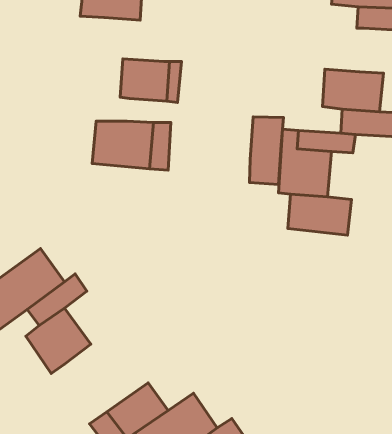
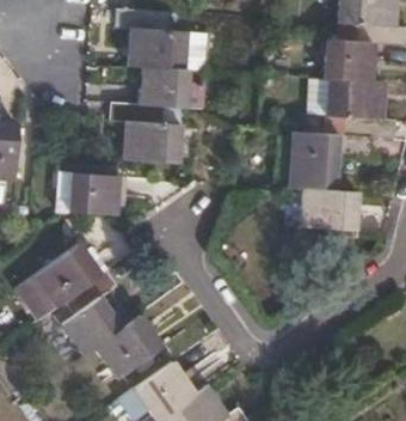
building: none -> [130,30,189,69]
building: none -> [320,37,367,79]
building: none -> [105,98,156,123]
building: [249,117,283,184] -> none
building: none -> [57,175,117,215]
building: none -> [98,309,165,370]

